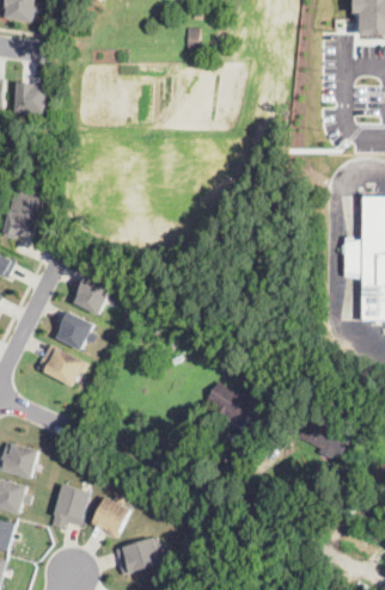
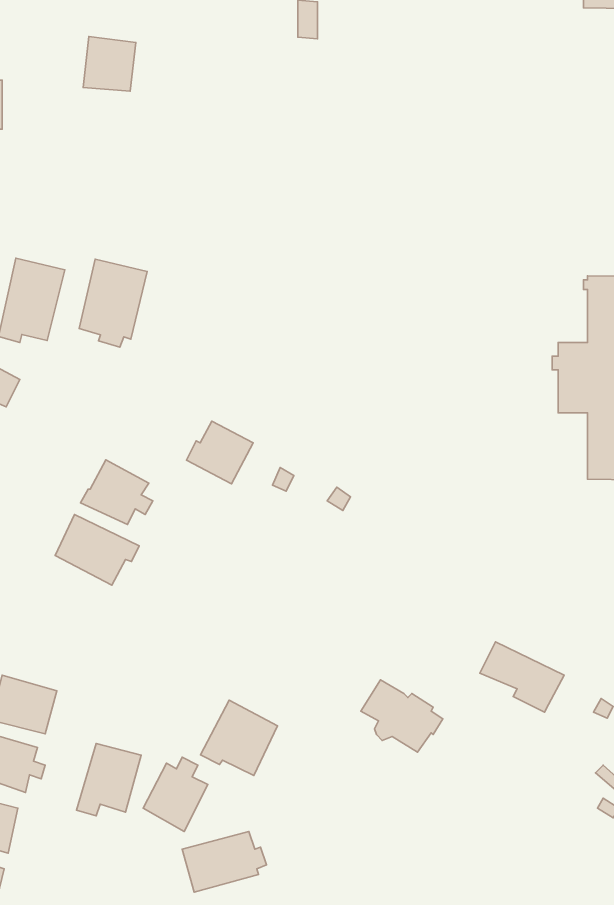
building: [13,80,45,113] -> [83,36,136,91]
building: none -> [79,259,147,347]
building: [71,275,111,313] -> [186,421,253,484]
building: [206,383,256,428] -> [361,680,443,752]
building: none -> [201,700,277,775]

